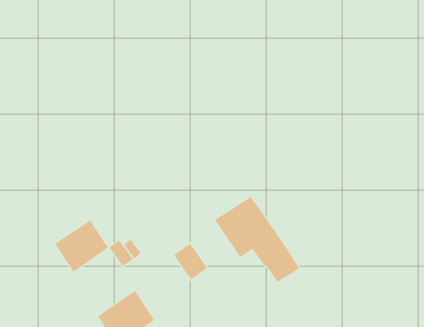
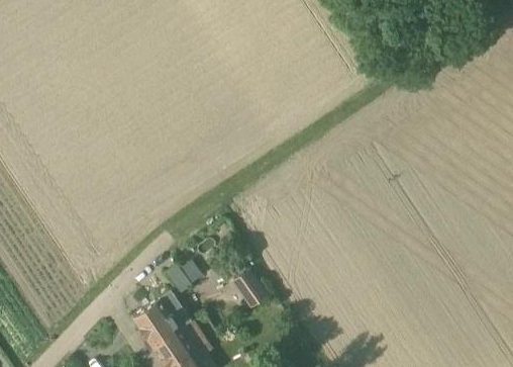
building: [215,196,300,283] -> none
building: [54,220,109,273] -> [132,290,190,346]

